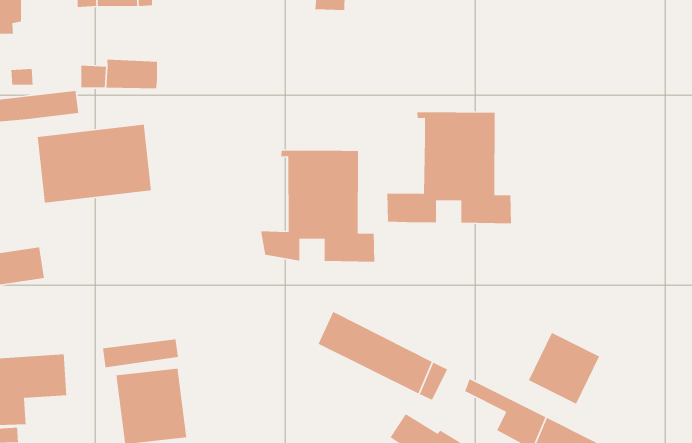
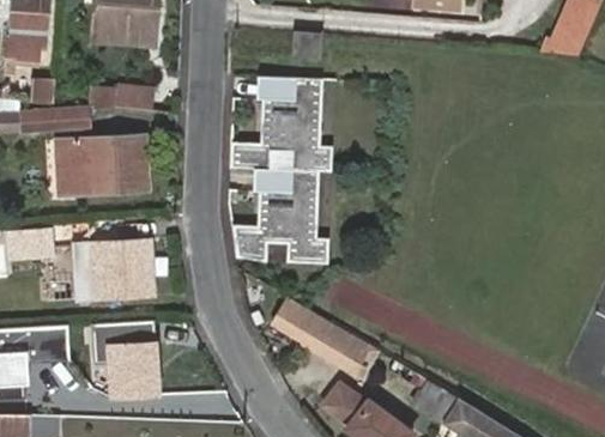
building: [387,112,512,224] -> [229,75,332,172]
building: none -> [79,242,152,303]
building: [528,332,600,405] -> none

